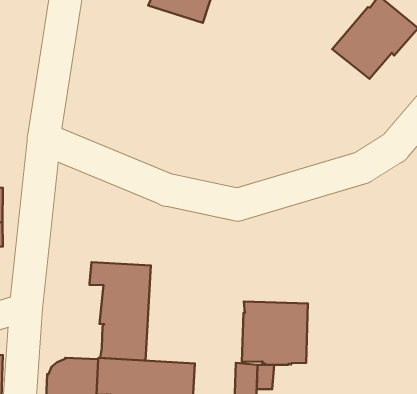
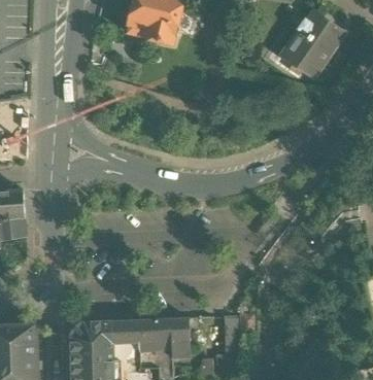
building: [89,262,151,361] -> none
building: [242,301,308,365] -> none

